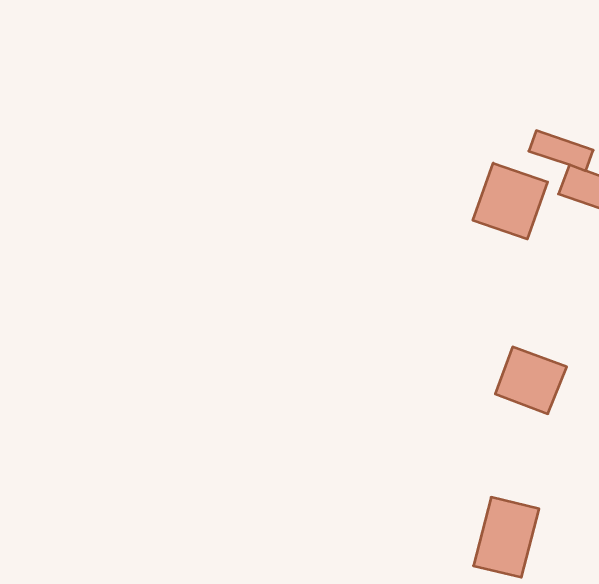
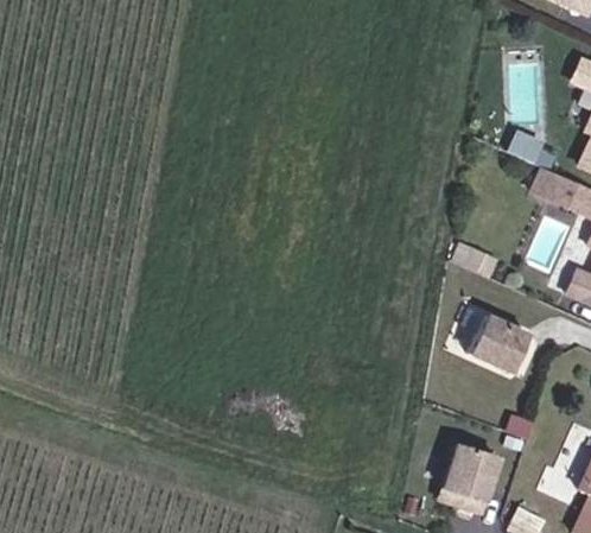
building: [473,163,548,239] -> none

